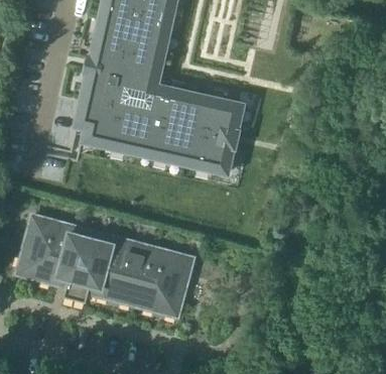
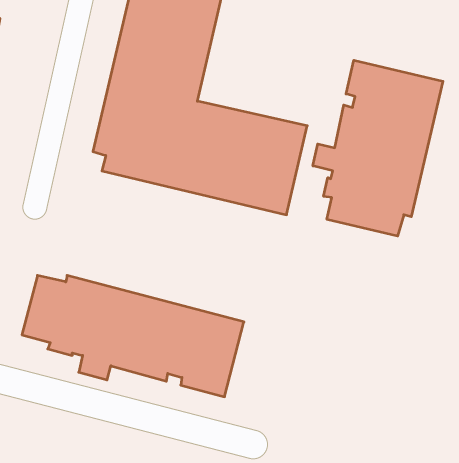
building: none -> [313,60,443,236]

